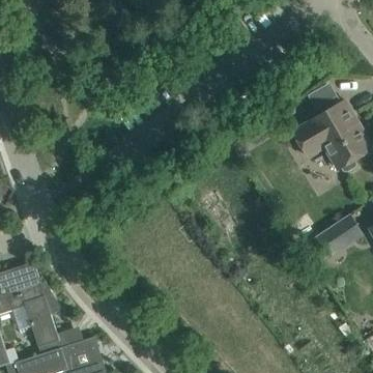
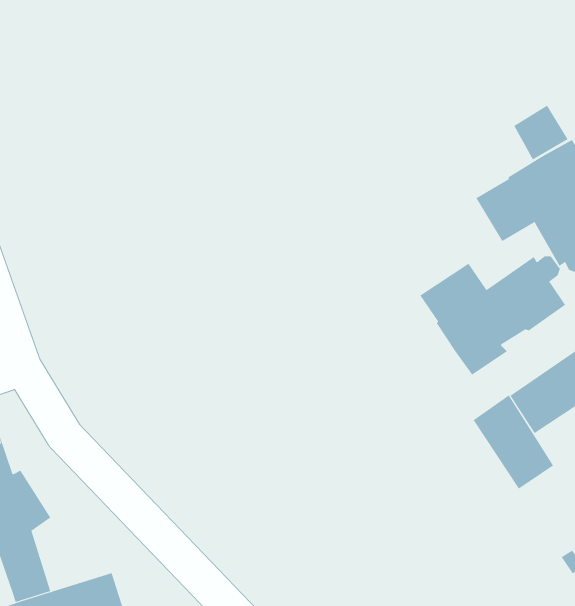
building: none -> [419,255,566,375]
building: none -> [473,395,554,489]

